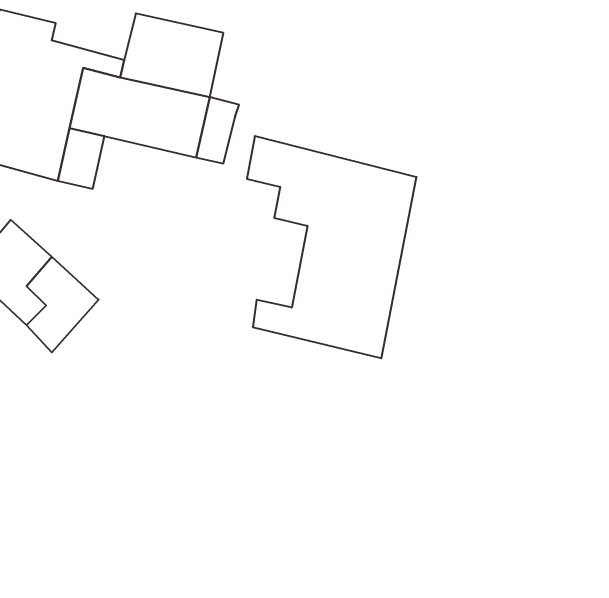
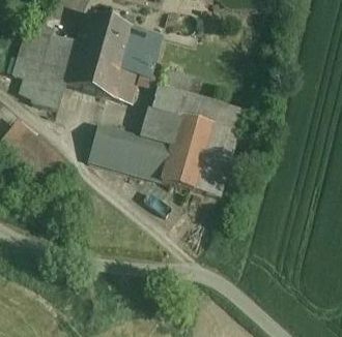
building: none -> [127,27,163,74]
building: none -> [99,123,179,173]

